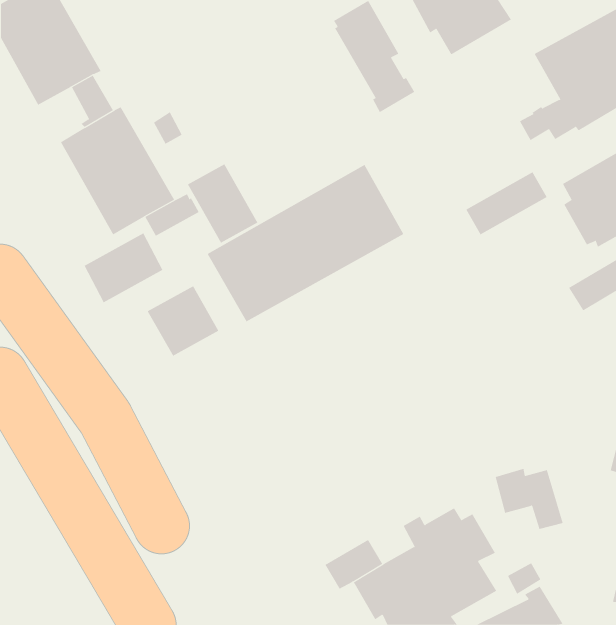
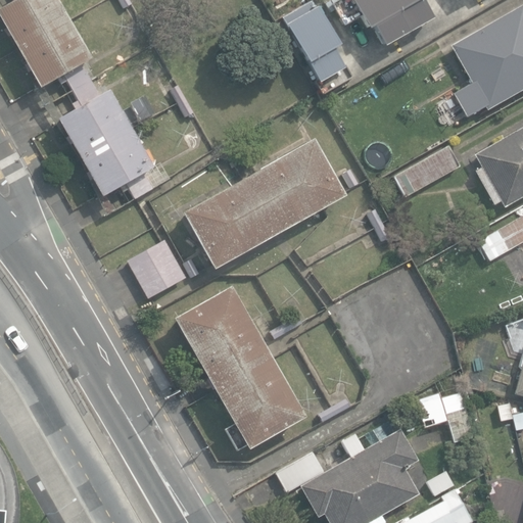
building: [187,164,258,243] -> none
building: [84,233,163,303] -> none
building: none -> [173,285,306,449]

